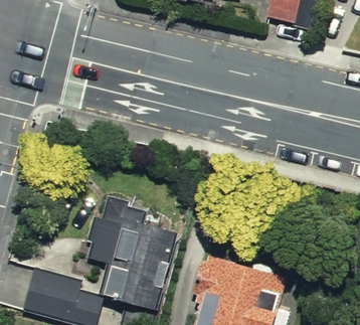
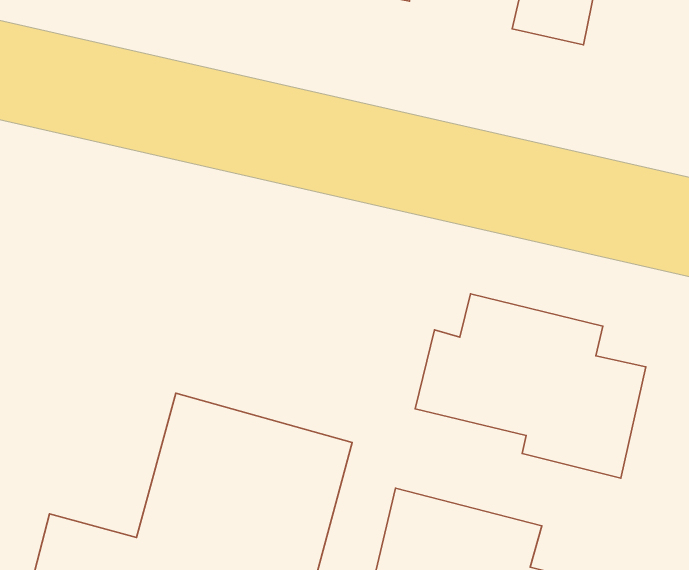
building: none -> [415,294,646,478]

